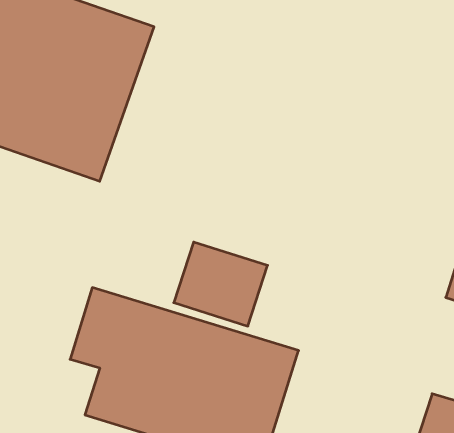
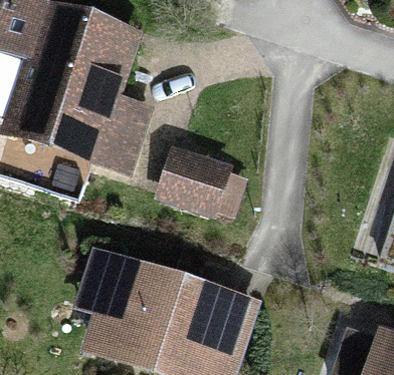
building: [174,242,268,326] -> [158,145,234,214]

